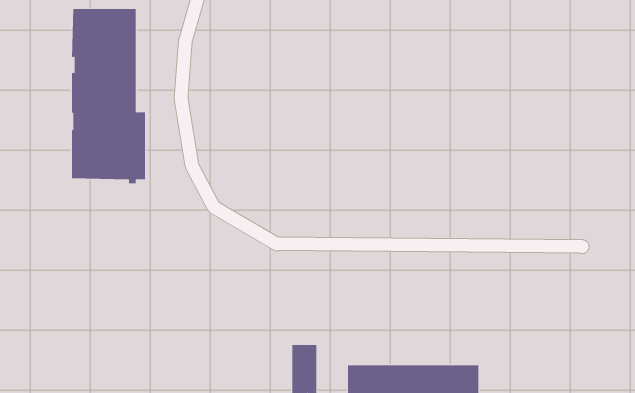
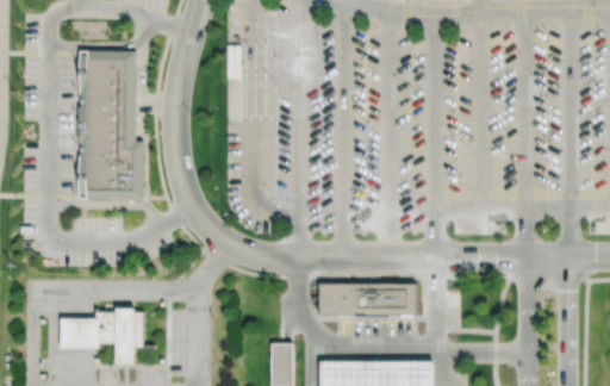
building: none -> [319,282,417,316]
building: none -> [58,307,155,362]

